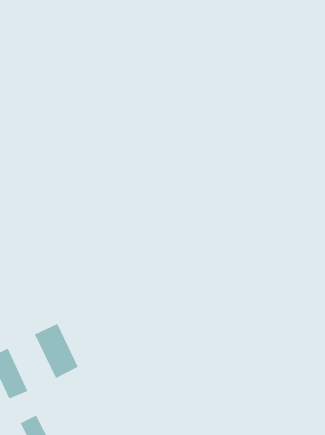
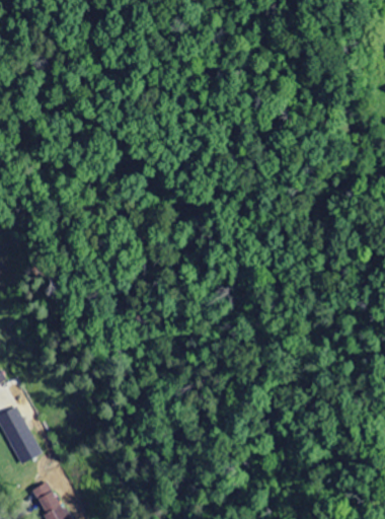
building: [34,323,78,379] -> none

